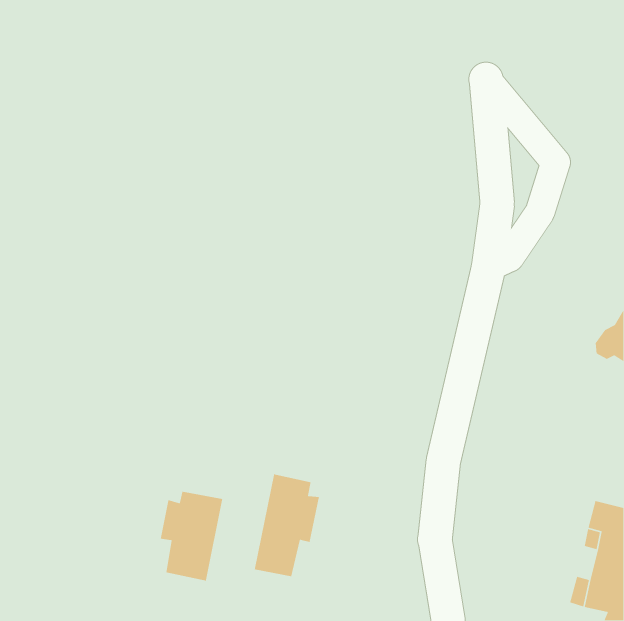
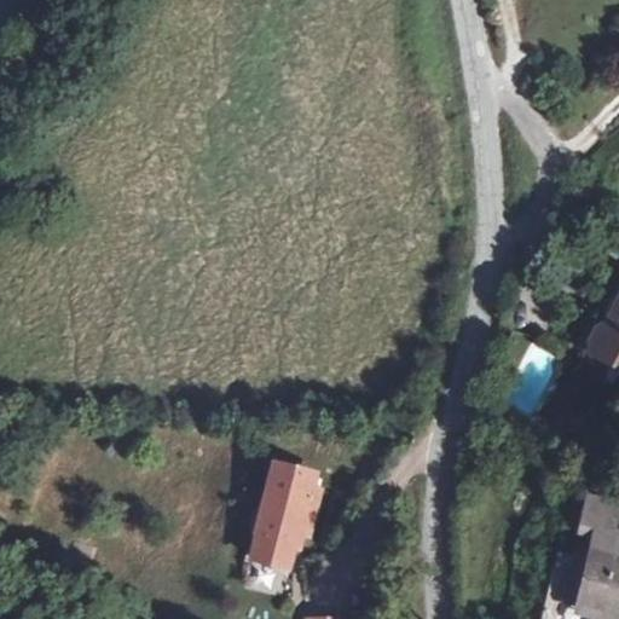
building: [160,491,223,581] -> none

